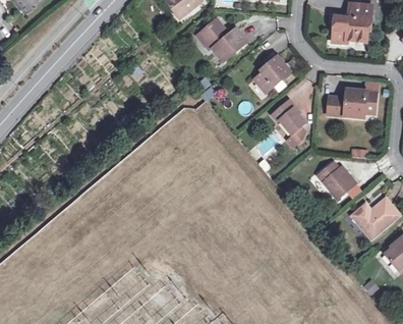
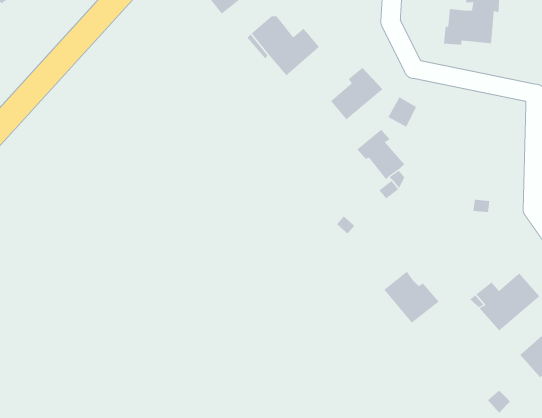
building: [327,89,376,116] -> none
building: [316,162,355,199] -> [384,271,439,324]

